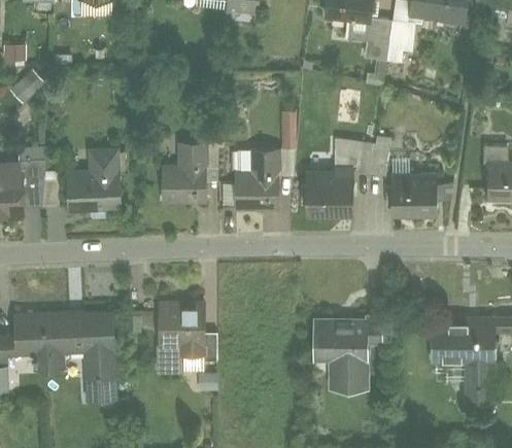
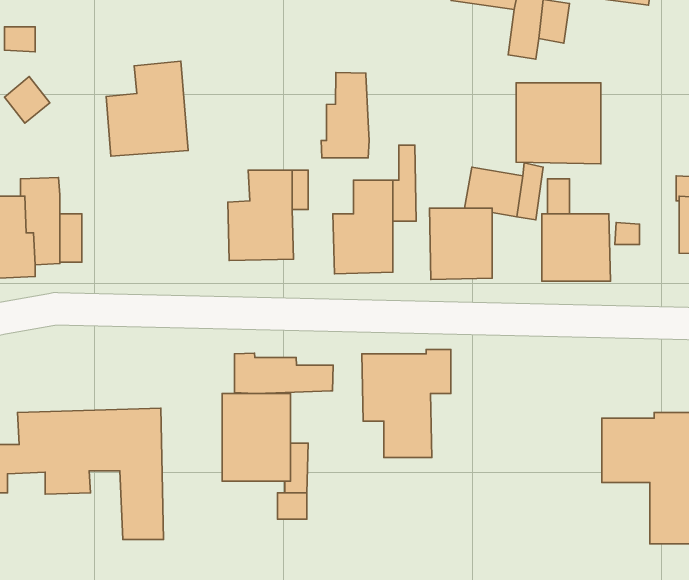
building: none -> [321,73,369,158]
building: none -> [516,83,601,164]
building: [67,145,125,212] -> [106,61,188,156]
building: none -> [235,353,333,393]
building: [314,314,377,390] -> [362,350,451,458]

